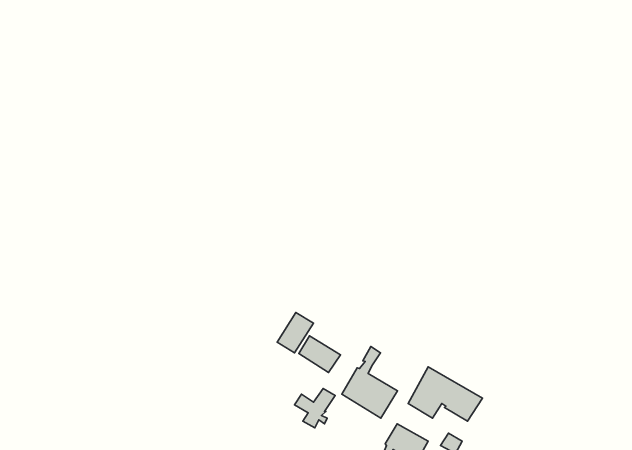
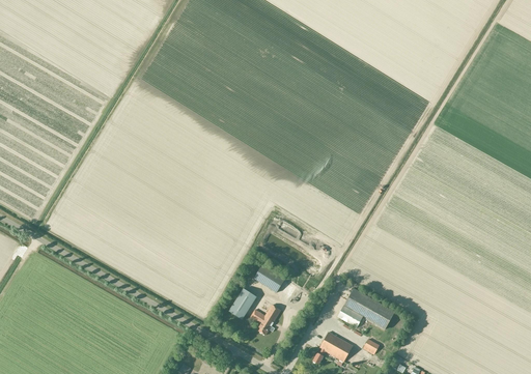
building: [277,312,313,353] -> [228,288,256,319]
building: [342,346,397,418] -> none

